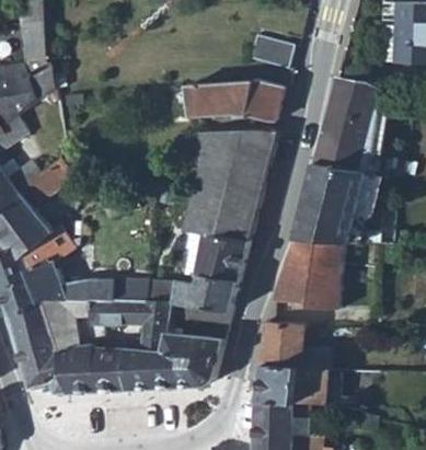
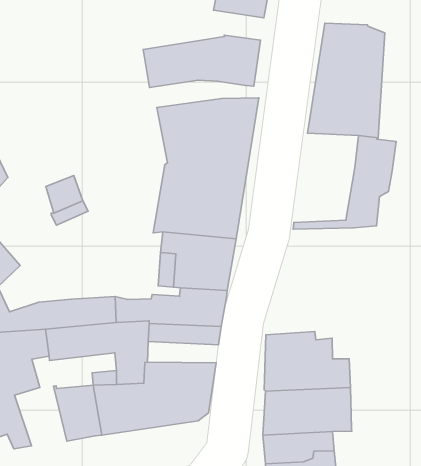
building: [295,163,353,235] -> none
building: [272,239,342,309] -> none
building: [59,345,97,392] -> none

